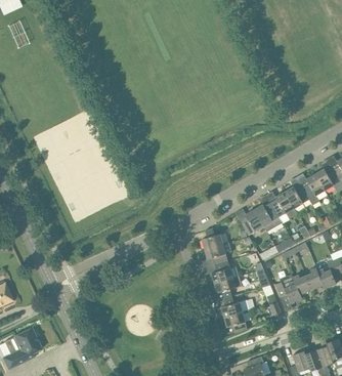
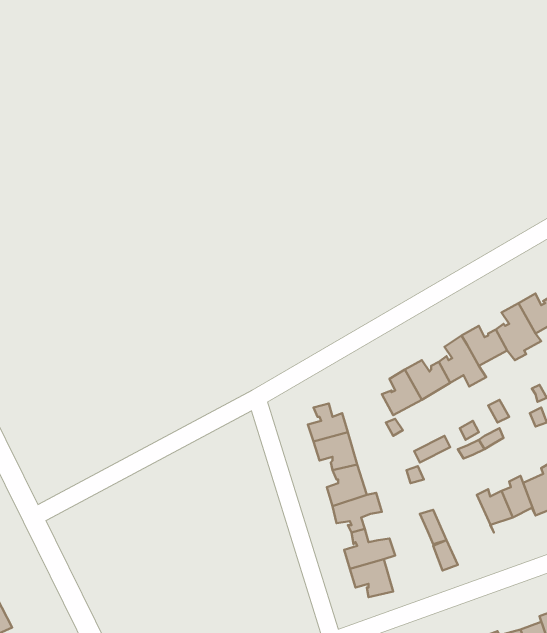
building: [275,274,302,302] -> none

